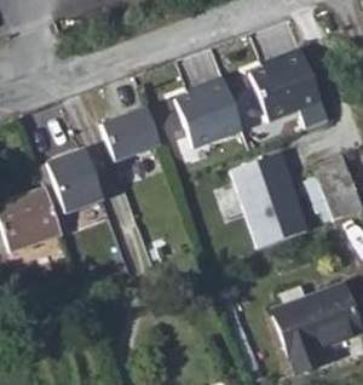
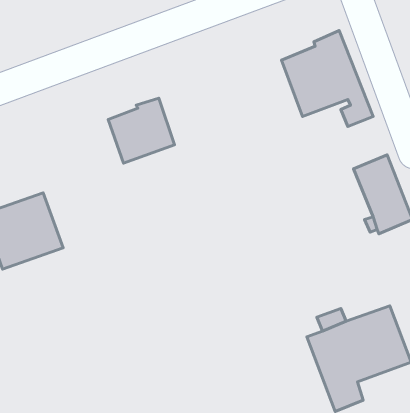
building: [175,76,242,148] -> none
building: [46,148,102,212] -> none
building: [232,156,310,248] -> none

